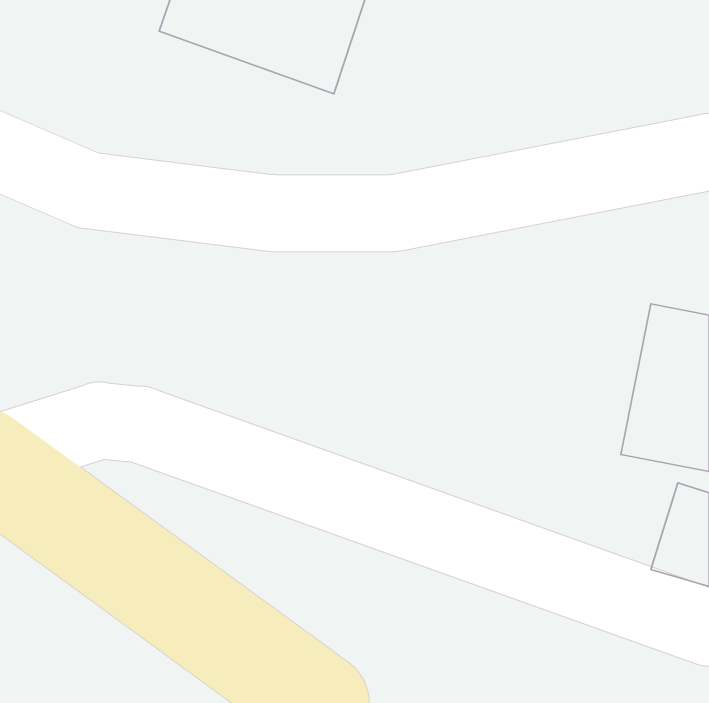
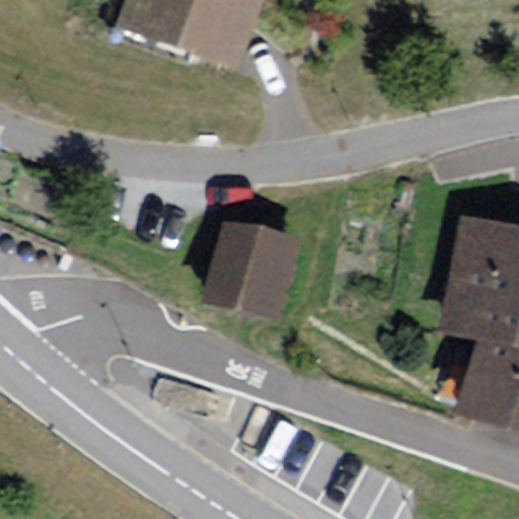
building: none -> [207,217,300,313]

